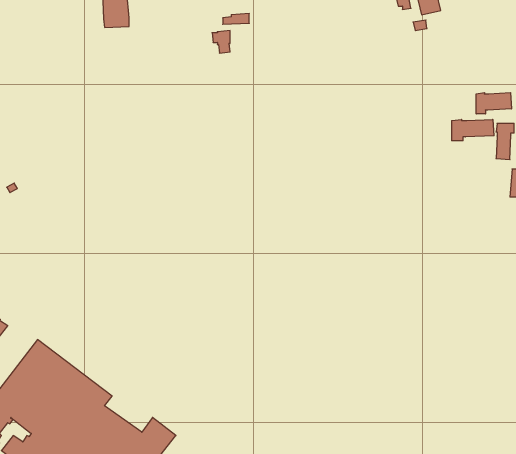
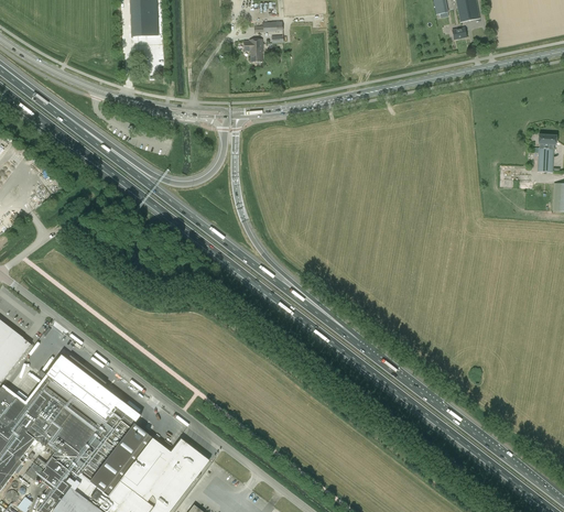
building: [476,93,511,114] -> none
building: [452,119,494,141] -> none

